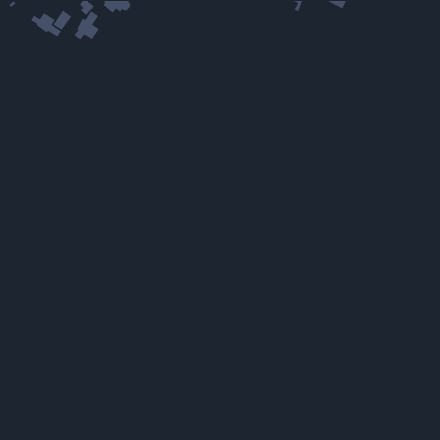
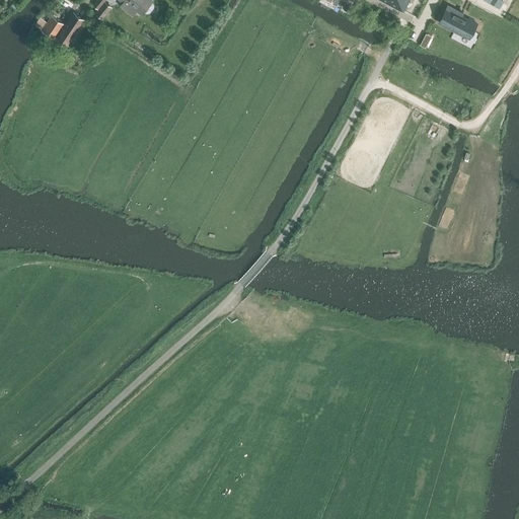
building: none -> [441,5,477,34]
building: [73,10,100,41] -> none

